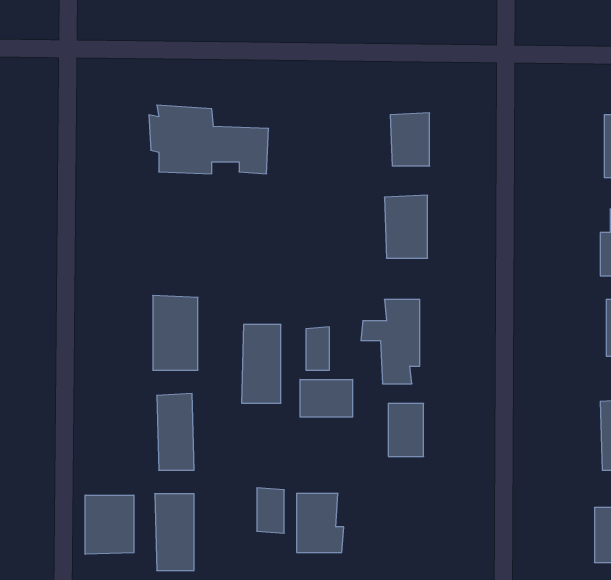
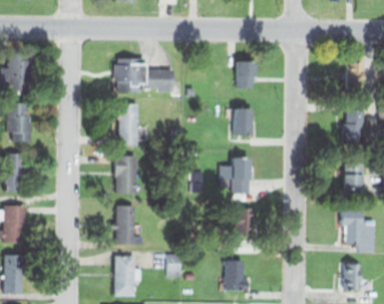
building: [242,325,281,403] -> [119,105,139,145]
building: [300,379,353,417] -> none
building: [297,493,344,552] -> [225,261,249,291]
building: [85,495,134,554] -> none

